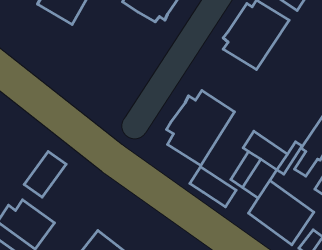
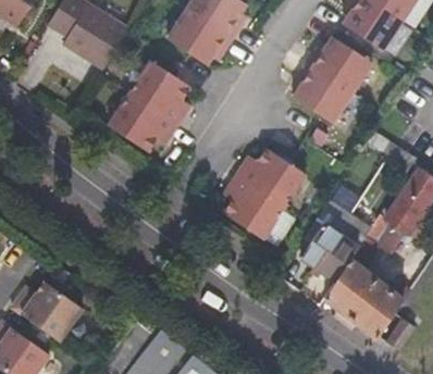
building: none -> [108,60,191,151]
building: [24,151,66,197] -> none
building: [190,167,236,207] -> none

